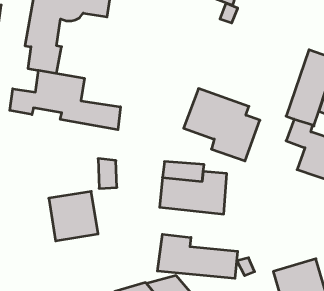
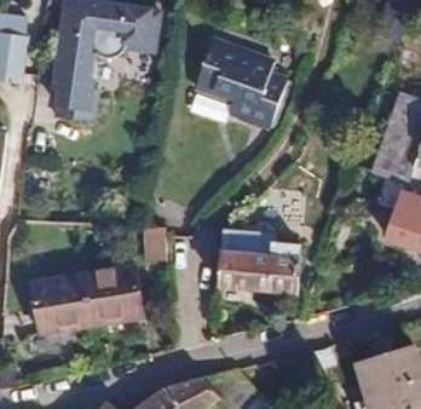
building: [10,70,120,130] -> none
building: [184,89,260,161] -> [194,39,287,127]
building: none -> [30,273,91,334]
building: [157,234,238,278] -> none

